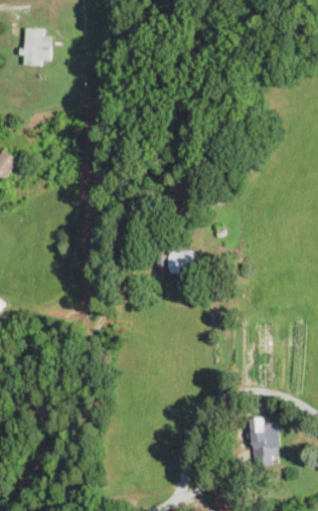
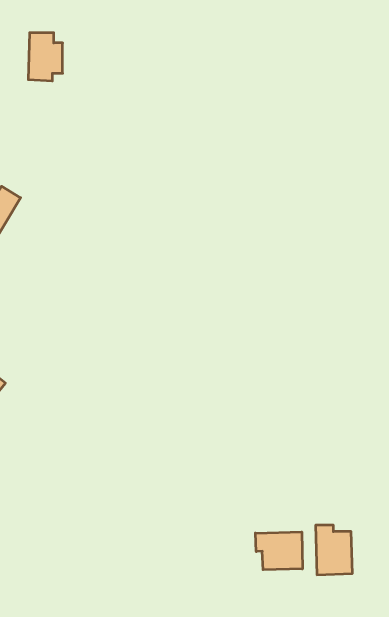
building: [169,250,191,274] -> none
building: none -> [255,532,302,570]

